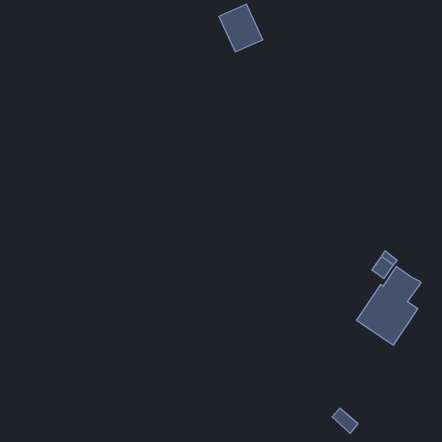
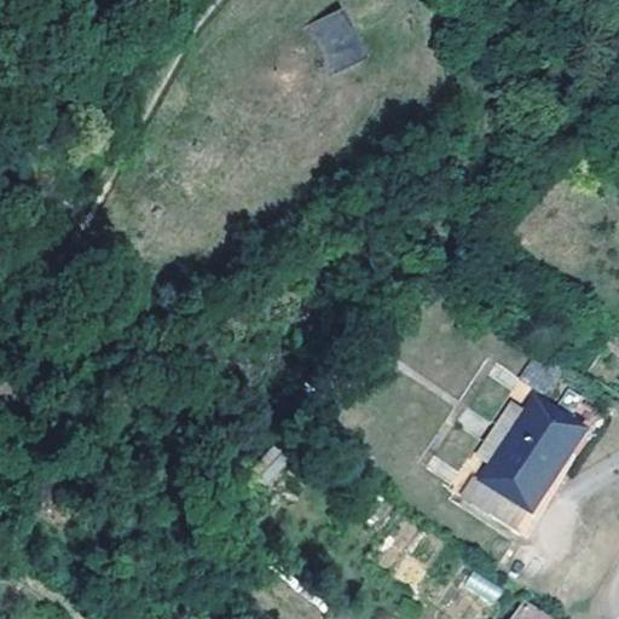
building: none -> [464,447,550,532]

